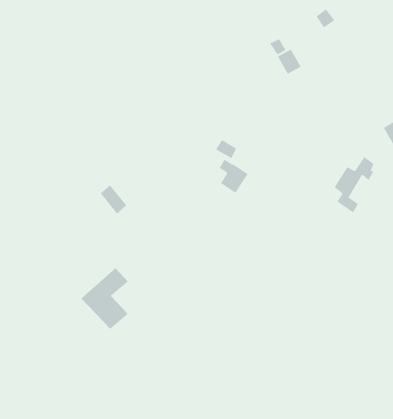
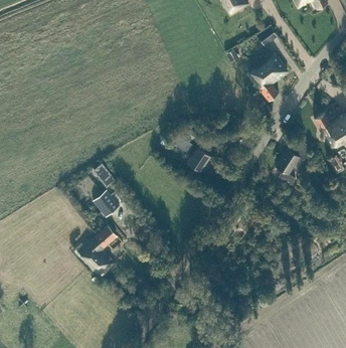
building: none -> [248,55,287,101]
building: none -> [93,189,119,216]

